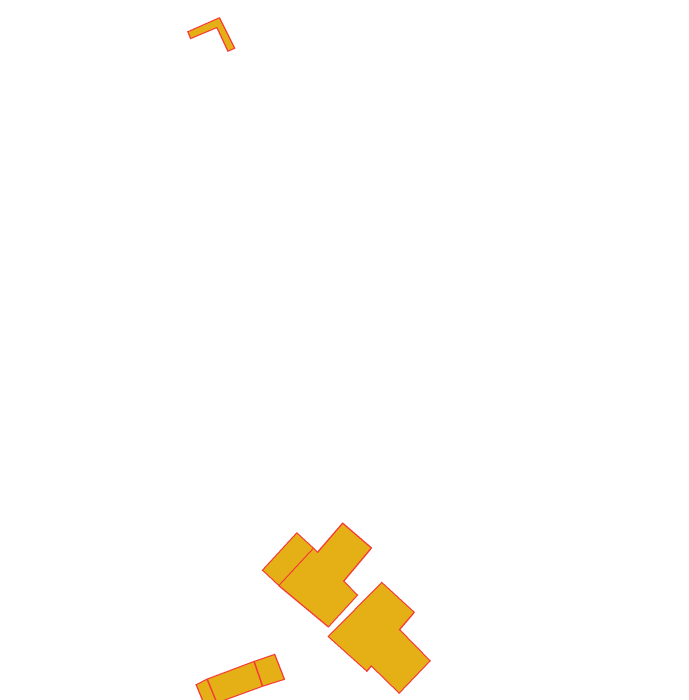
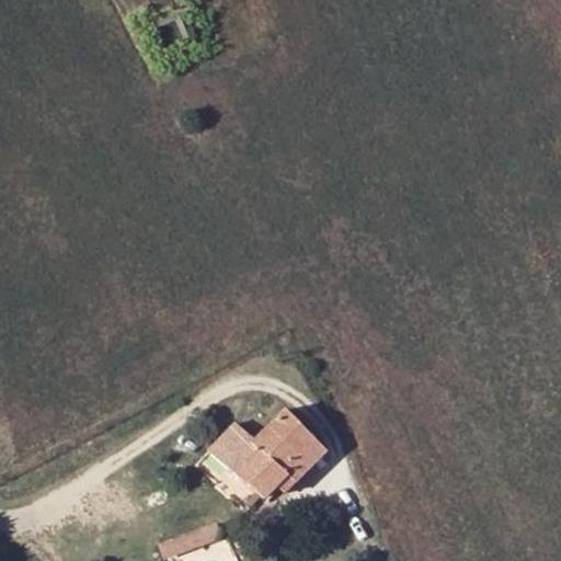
building: [328,582,430,693] -> none

